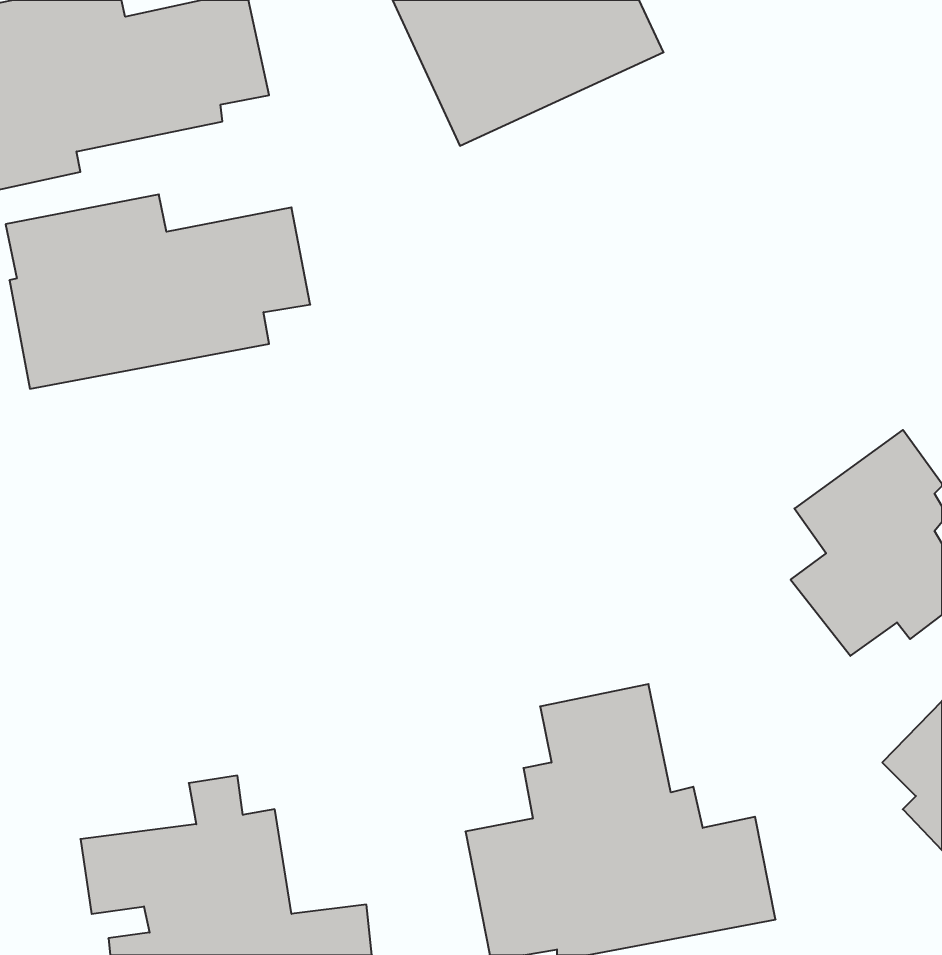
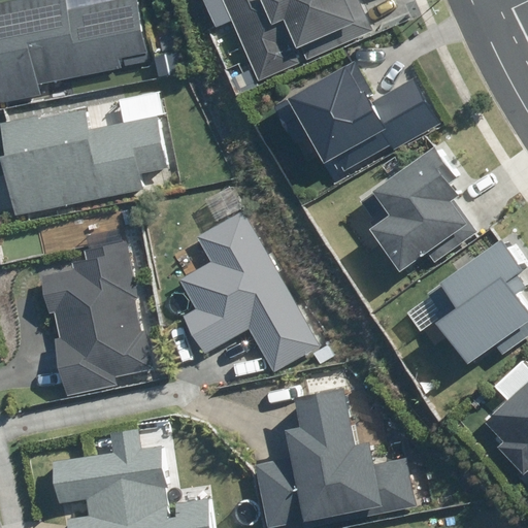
building: none -> [290,58,446,184]
building: none -> [359,144,474,270]
building: none -> [172,210,312,371]
building: none -> [43,241,159,395]

